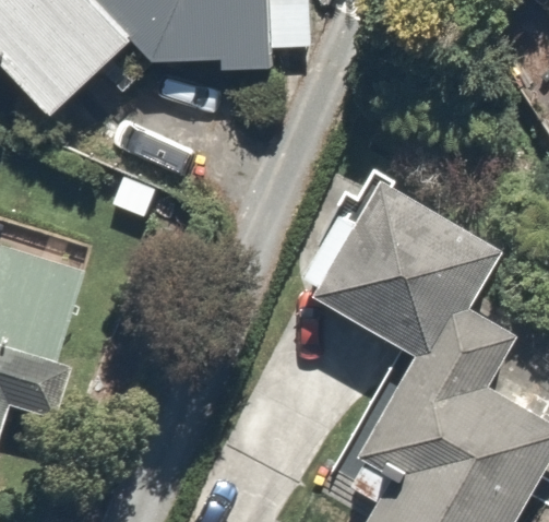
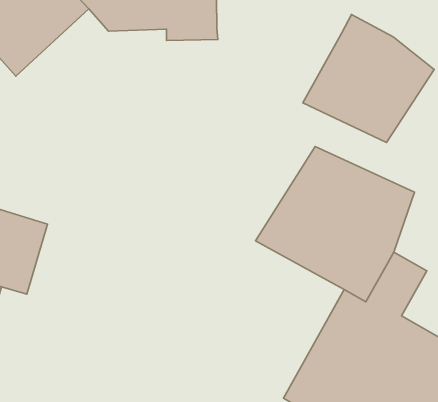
building: none -> [303,15,434,143]

